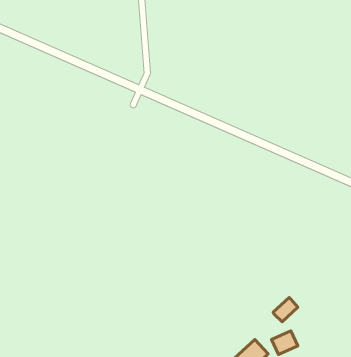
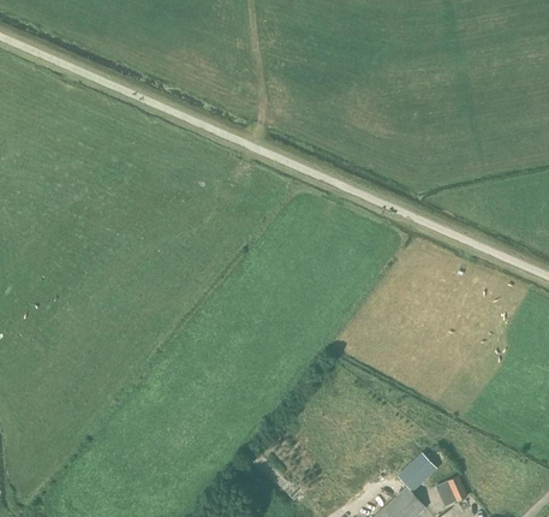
building: [273,297,298,322] -> [400,456,434,489]

